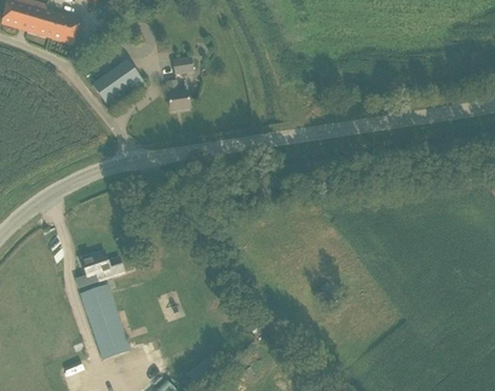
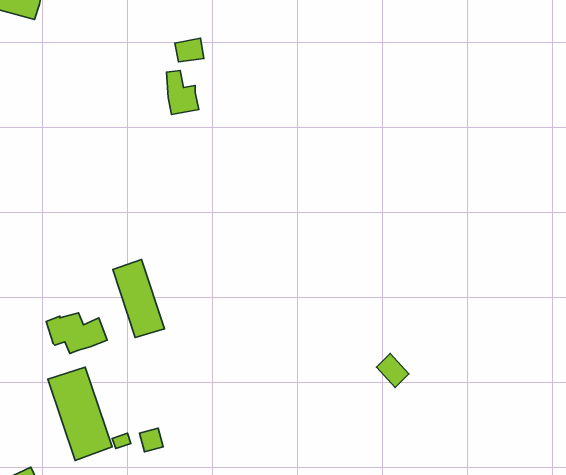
building: [91,59,143,109] -> none
building: none -> [113,259,165,338]

